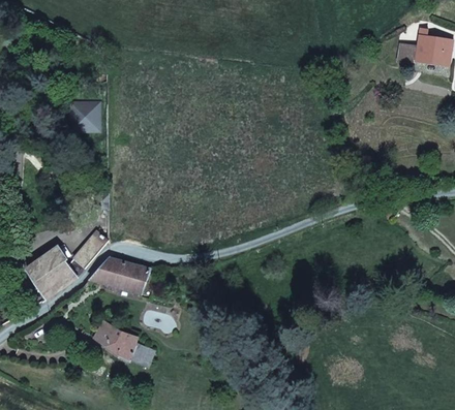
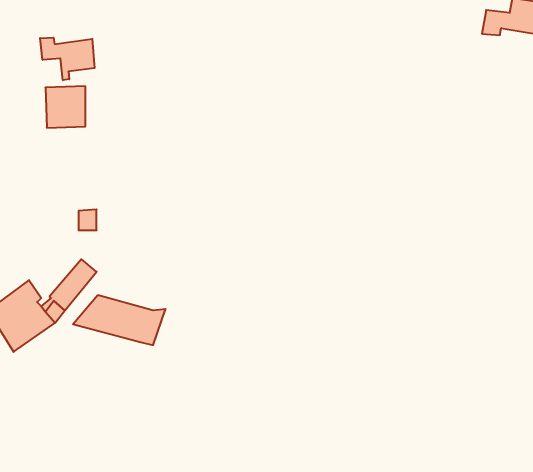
building: none -> [40,38,95,80]
building: [93,320,153,367] -> none

